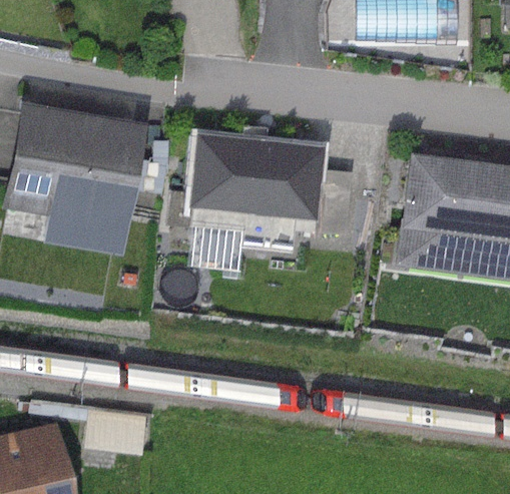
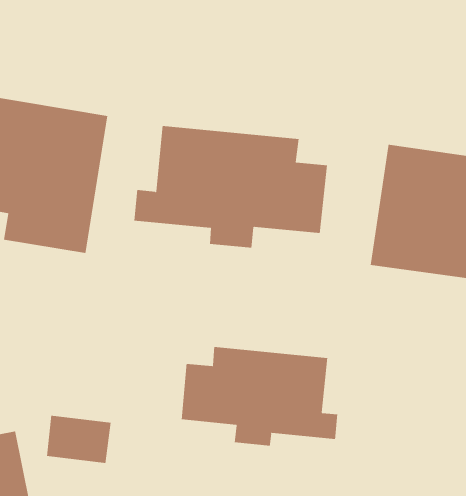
building: none -> [181,346,338,446]

